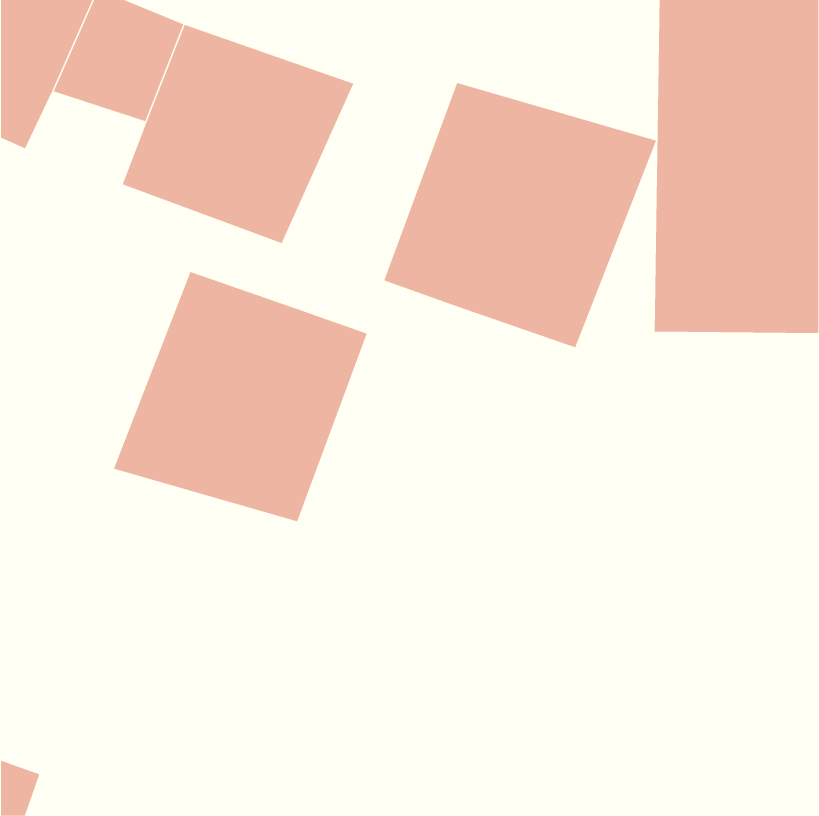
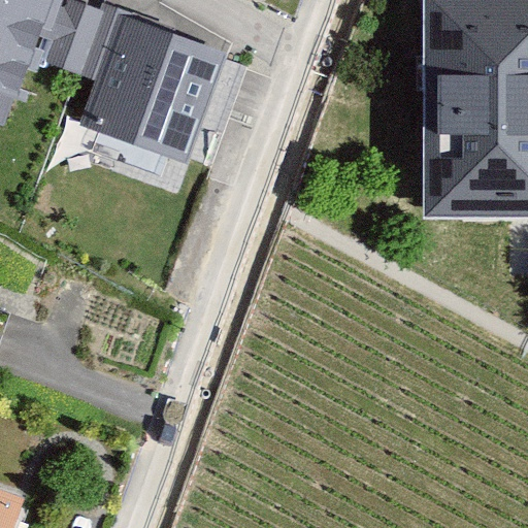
building: [383,82,657,348] -> none
building: [113,271,368,522] -> none

